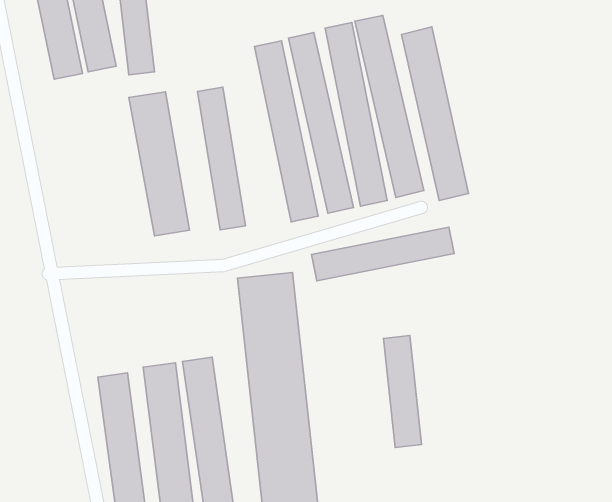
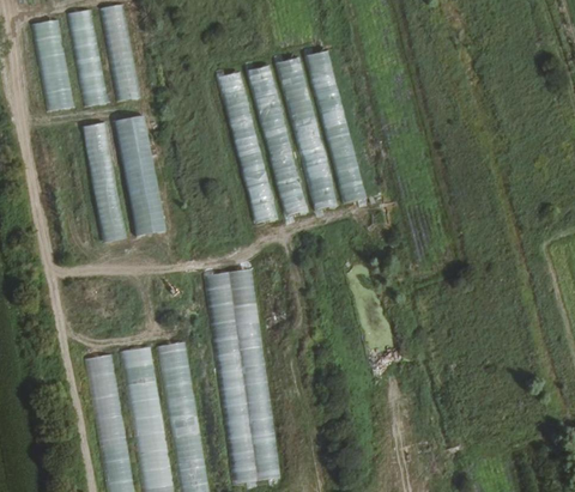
building: [402,27,468,201] -> none
building: [197,87,245,230] -> [83,121,123,242]
building: [312,227,454,281] -> none
building: [383,335,422,448] -> none

